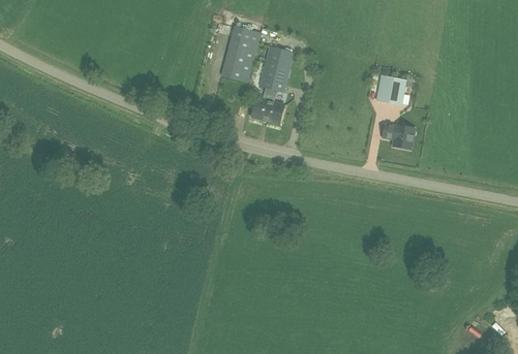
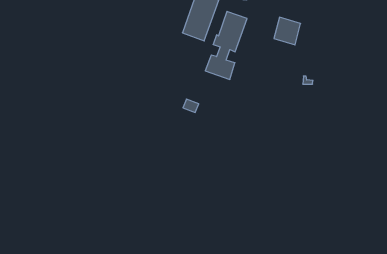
building: [376,74,405,104] -> [274,17,301,45]
building: [382,123,414,149] -> none

